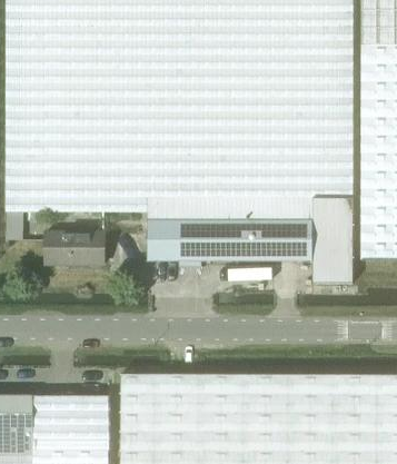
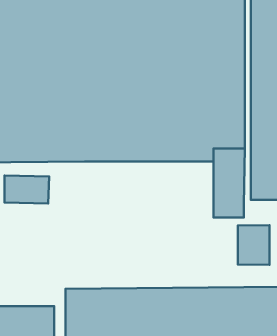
building: [147,213,311,261] -> none
building: none -> [238,225,270,265]

